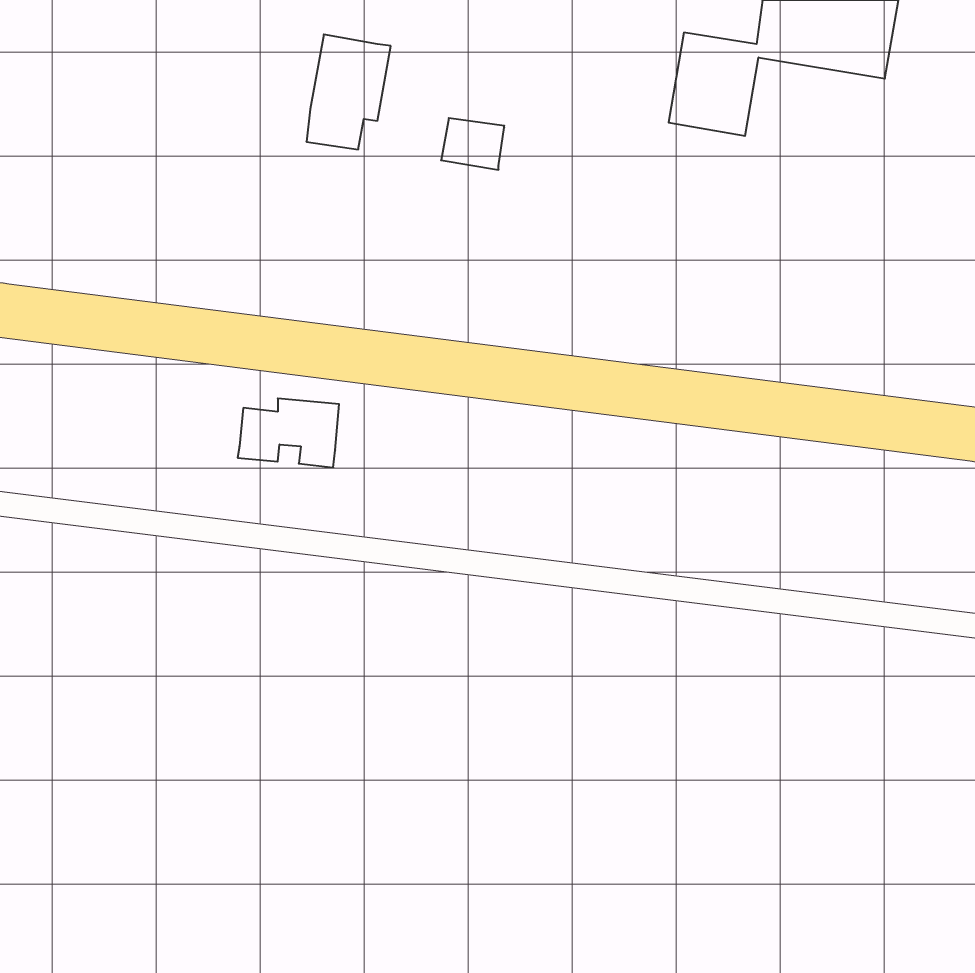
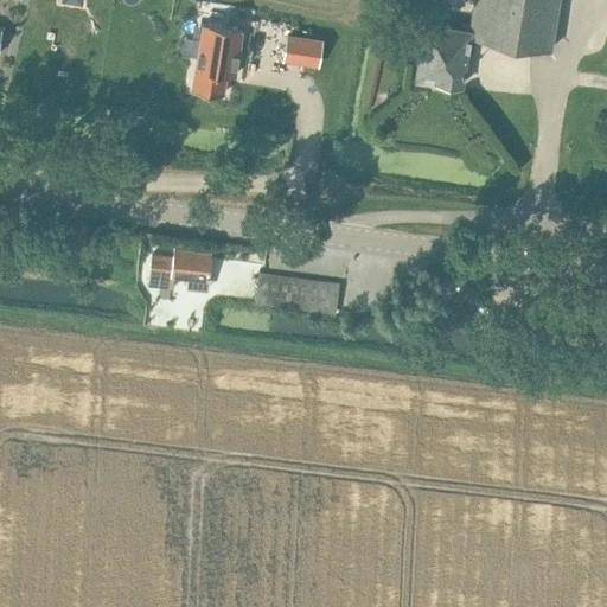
building: [441,118,504,170] -> [283,37,322,69]
building: none -> [256,273,340,314]

